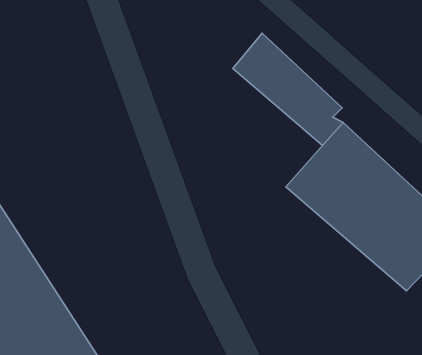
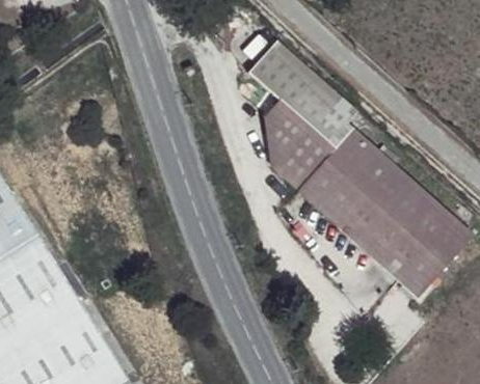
building: none -> [265,102,340,194]

